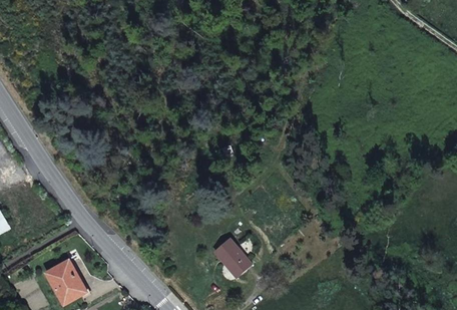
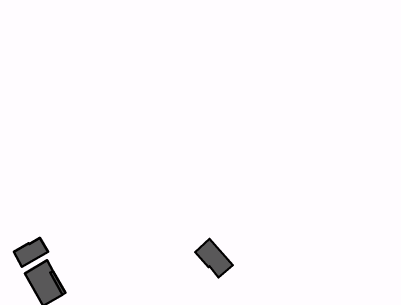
building: none -> [14,238,48,267]

